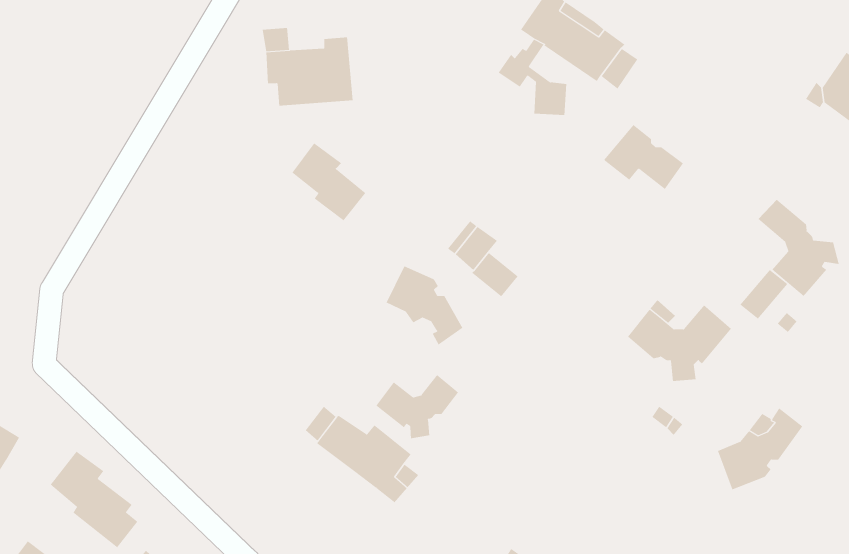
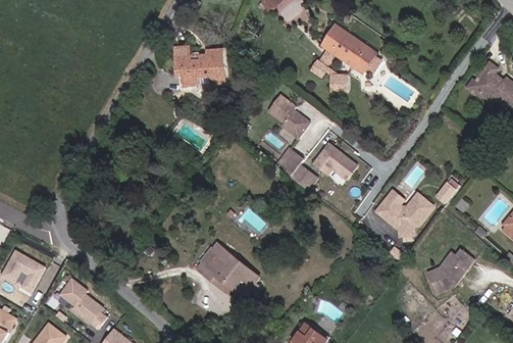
building: [603,124,684,190] -> [313,145,357,181]
building: [291,142,366,221] -> [269,96,310,139]
building: [758,199,840,297] -> none
building: [386,266,463,346] -> none
building: [375,374,459,439] -> none

